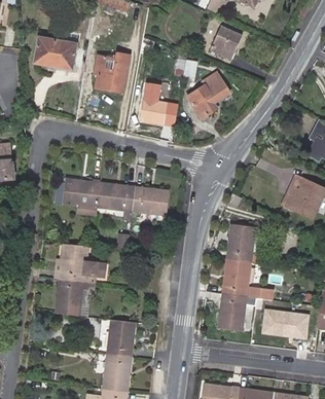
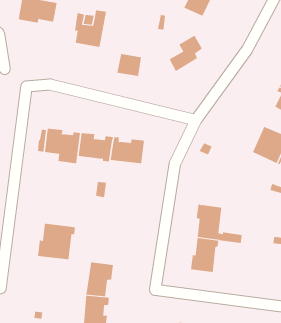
building: [228,223,262,261] -> none
building: [58,243,106,282] -> none
building: [260,310,308,340] -> none

